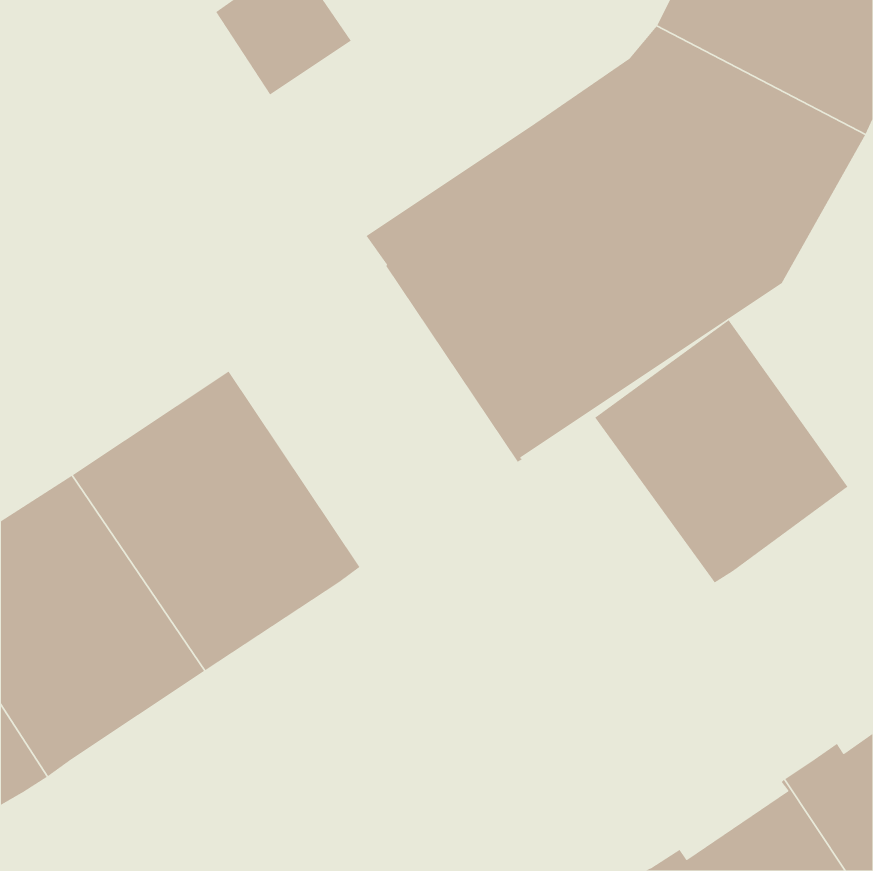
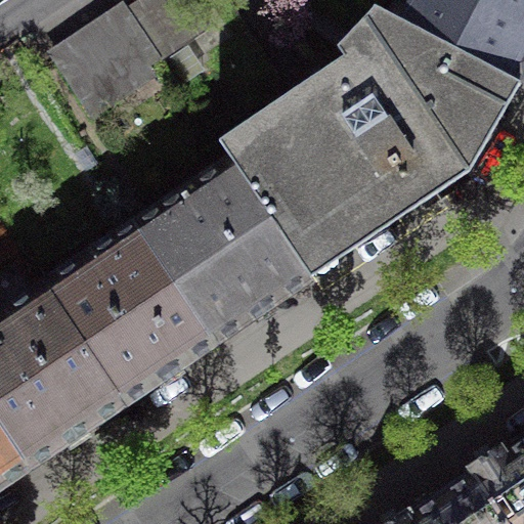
building: none -> [52,7,162,118]
building: none -> [137,159,310,340]
building: [594,319,848,584] -> none

